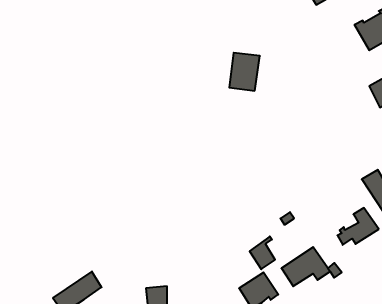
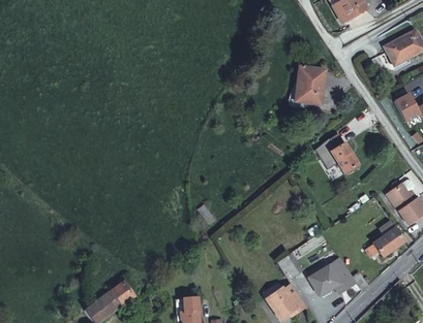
building: [229,53,260,91] -> [296,66,326,103]
building: none -> [327,133,358,175]

